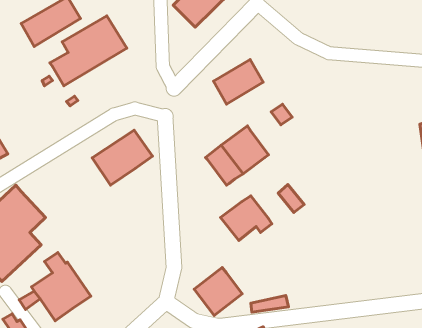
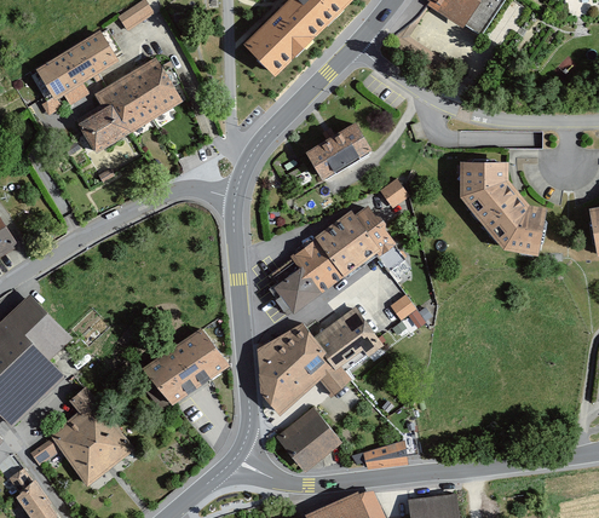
building: none -> [456,161,543,257]
building: none -> [352,208,397,258]
building: [92,130,153,185] -> [142,328,225,404]
building: none -> [265,257,319,313]
building: none -> [258,323,349,415]

